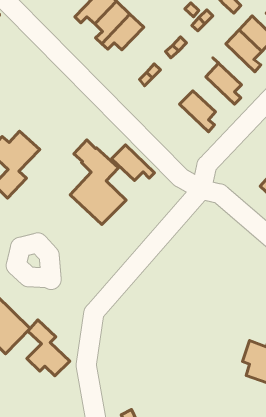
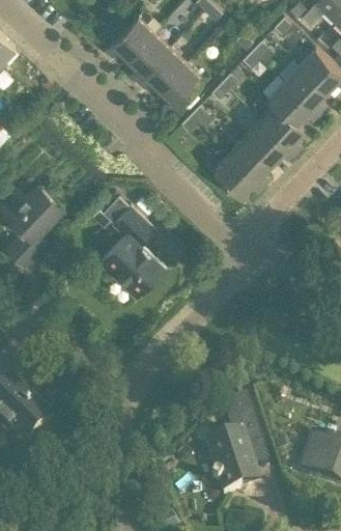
building: none -> [160,63,202,114]
building: none -> [267,83,317,132]
building: none -> [244,122,293,164]
building: [112,145,154,181] -> [211,155,262,197]
building: none -> [207,398,261,499]
building: [27,320,70,376] -> none

